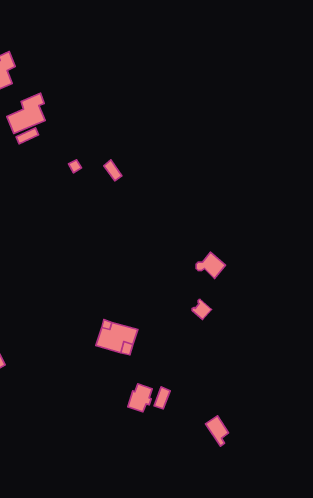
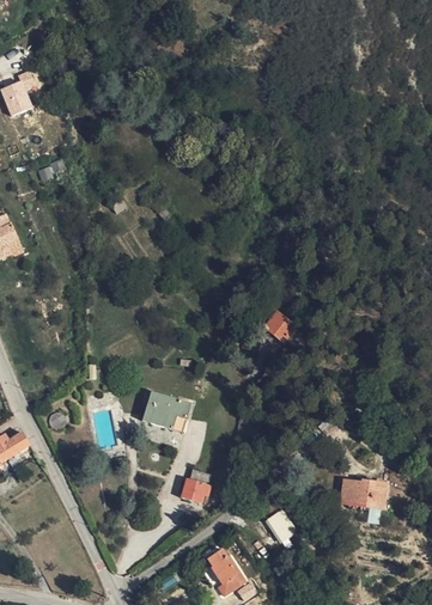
building: [7,93,45,134] -> none
building: none -> [342,476,387,502]
building: none -> [206,544,237,593]

